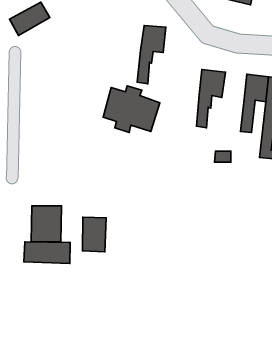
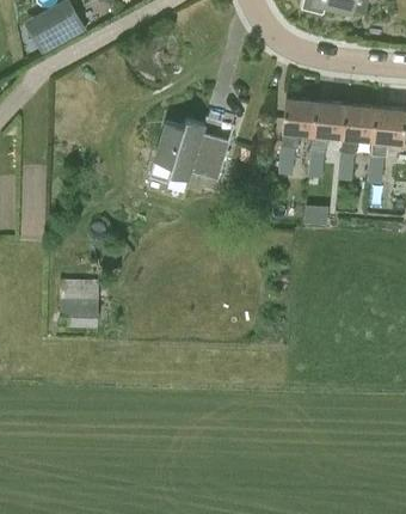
building: [137,25,166,84] -> [308,102,346,179]
building: [83,217,106,252] -> none
building: [24,242,70,263] -> none

